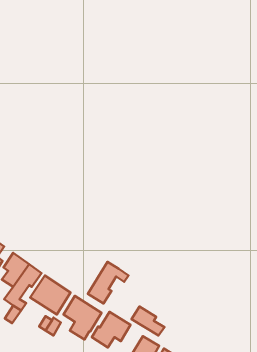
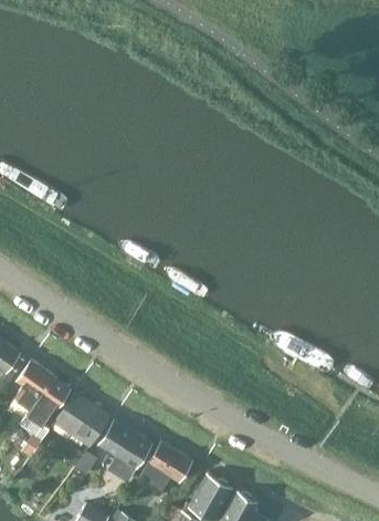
building: [88,262,128,303] -> none
building: [132,306,165,336] -> none

